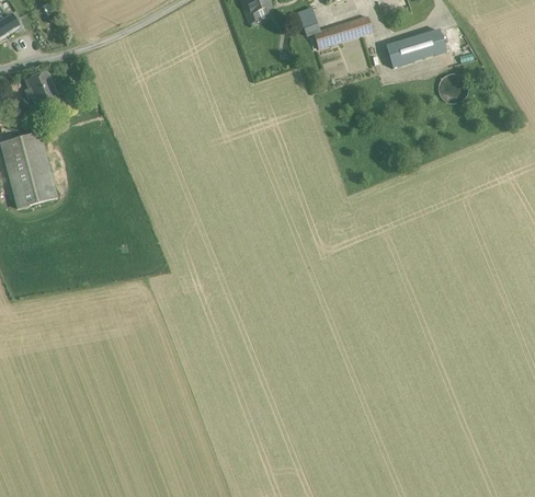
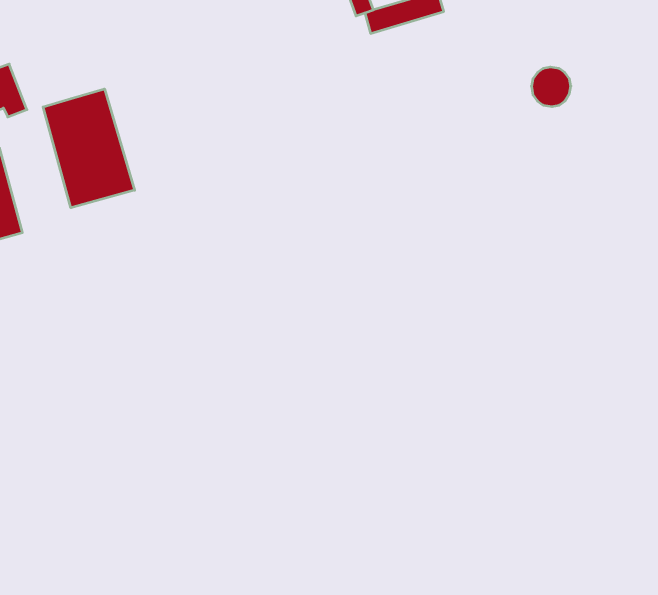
building: [385,28,445,66] -> none
building: none -> [43,89,135,208]

